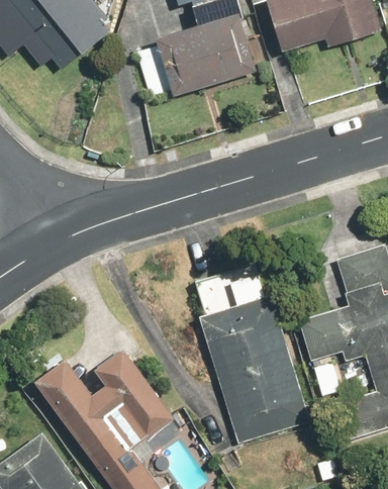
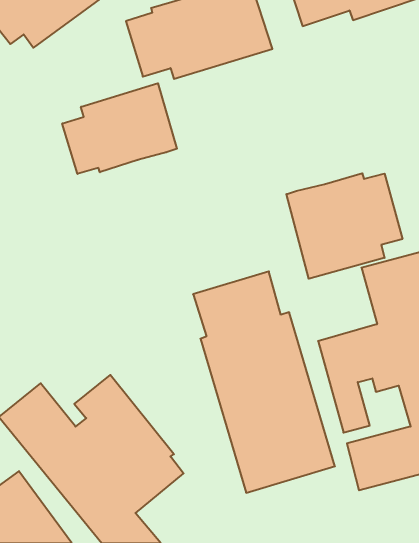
building: none -> [62,83,177,174]
building: none -> [286,173,402,279]

